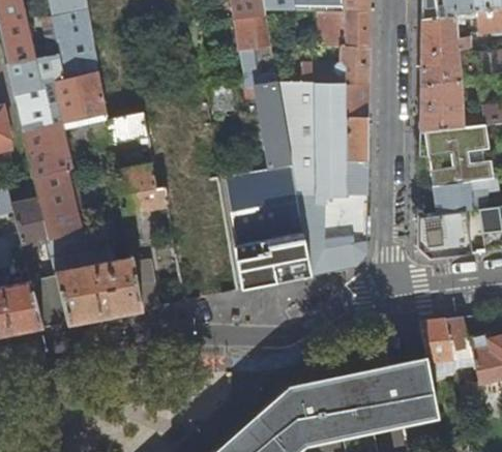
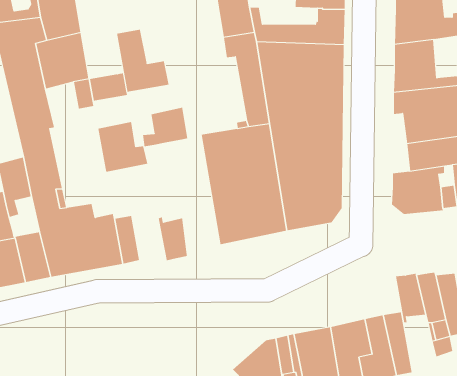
building: none -> [117,29,169,93]
building: none -> [142,107,188,147]
building: none -> [158,217,188,261]

